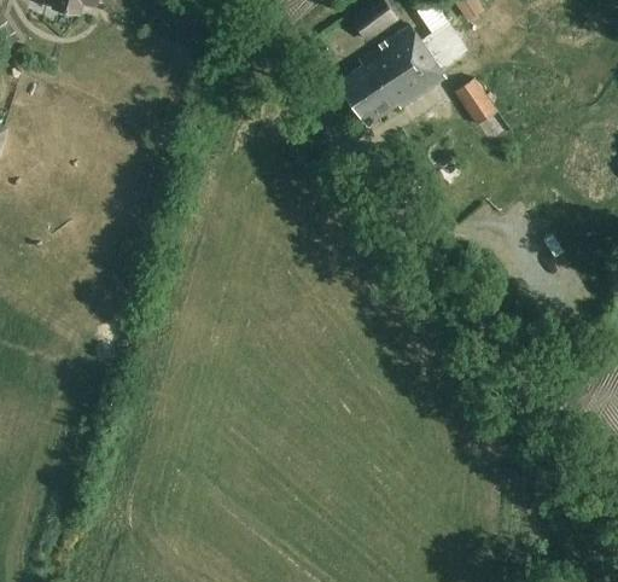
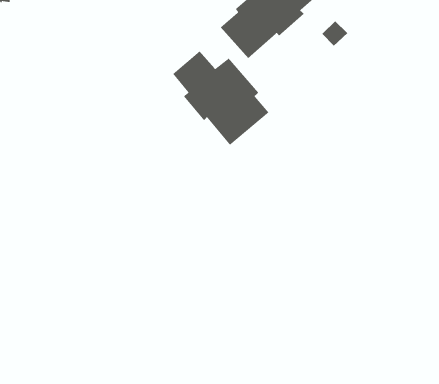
building: none -> [172,50,270,146]

